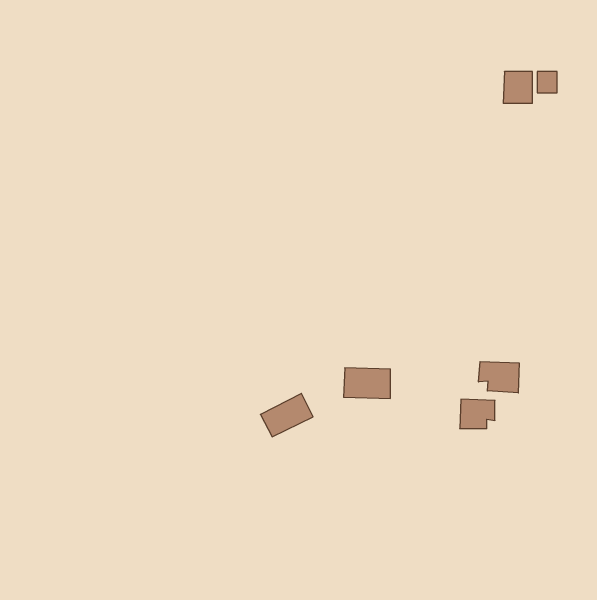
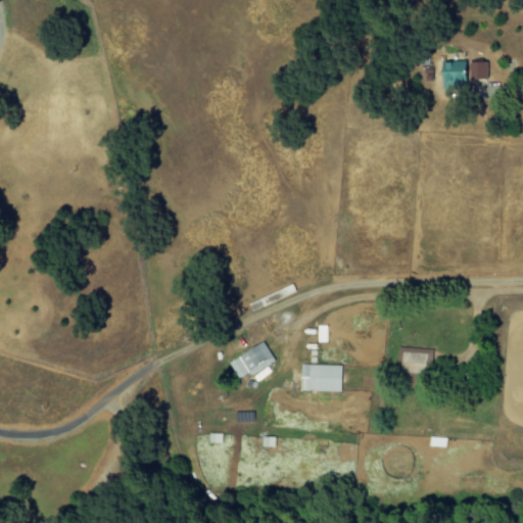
building: [479,362,519,393] -> none
building: [344,368,390,398] -> [301,365,342,391]

